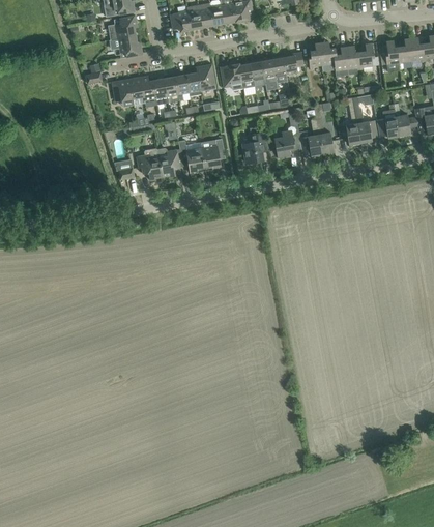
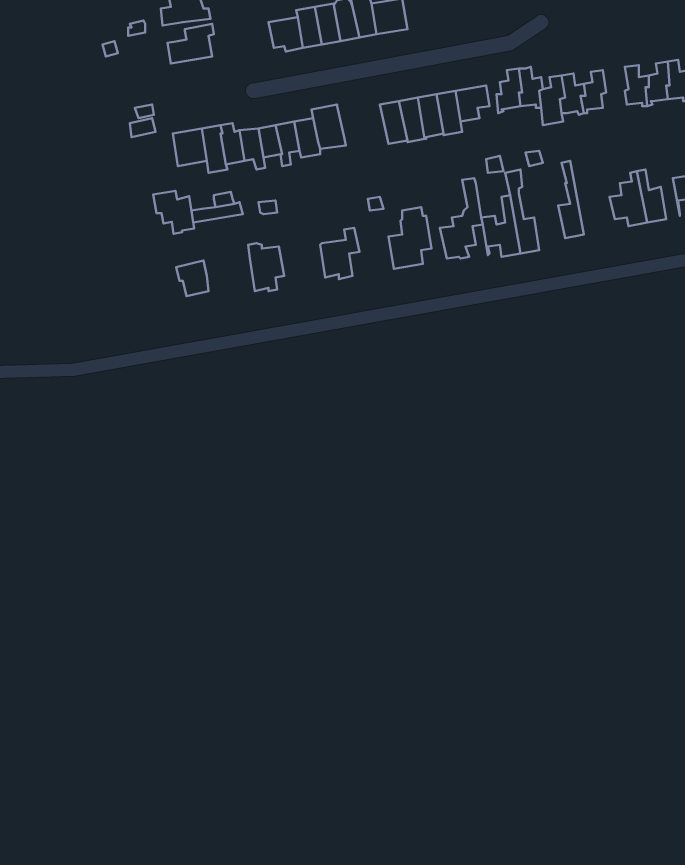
building: [110,35,142,57] -> none
building: [220,64,242,90] -> none
building: [352,97,377,145] -> none
building: [178,140,204,173] -> none
building: [137,154,162,180] -> [153,191,194,234]

